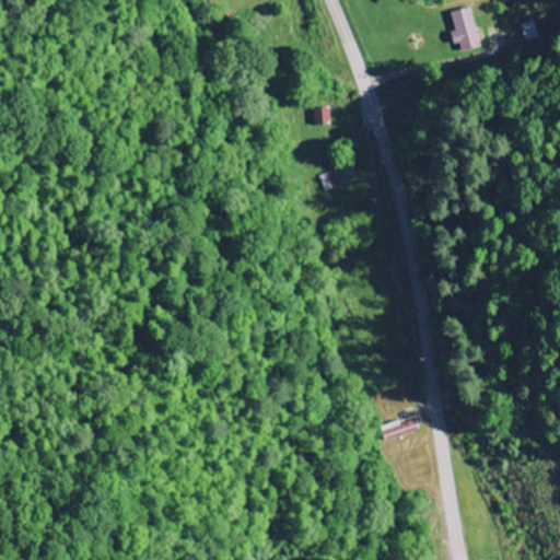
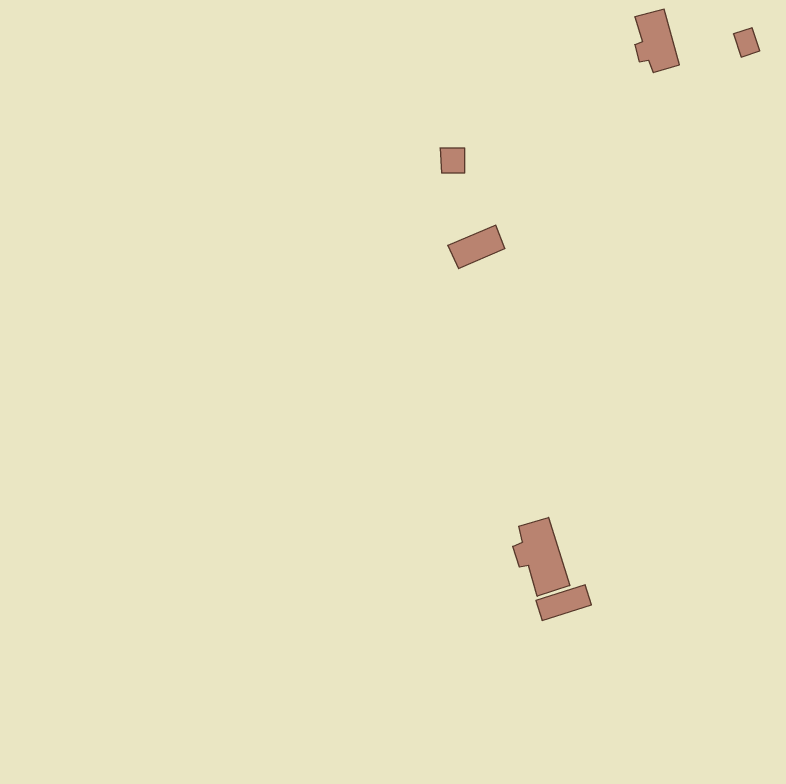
building: none -> [513,517,570,596]

